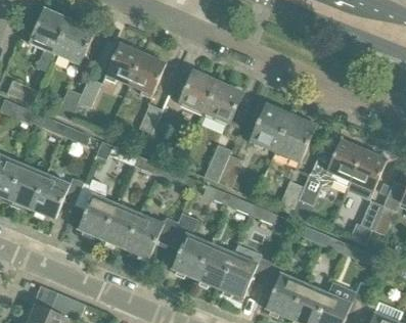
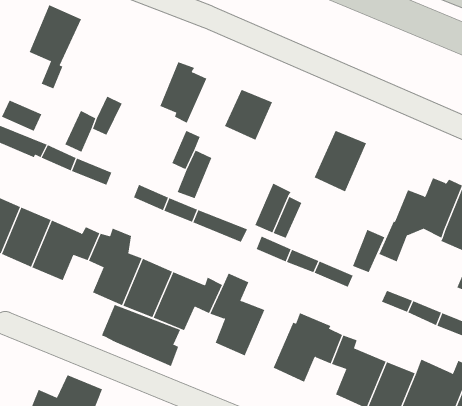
building: [52,17,95,65] -> none
building: [103,43,143,85] -> none
building: [204,82,241,123] -> none
building: [273,113,316,163] -> none
building: none -> [101,304,181,367]
building: [195,242,232,287] -> none

